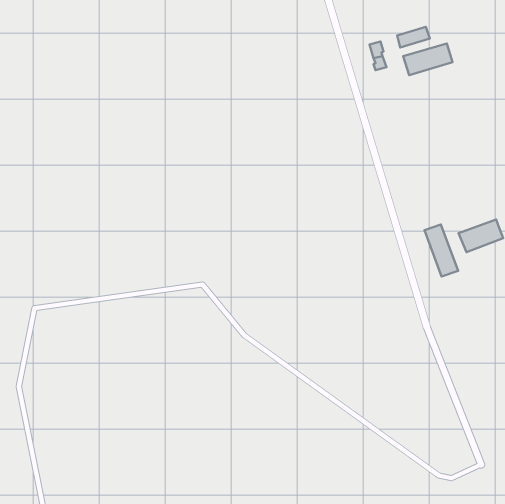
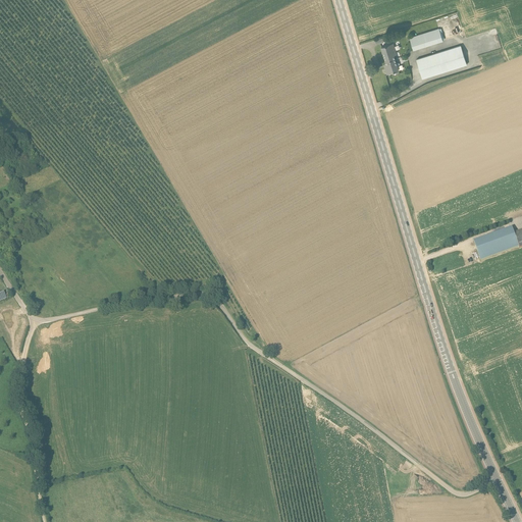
building: [424,225,458,277] -> none

